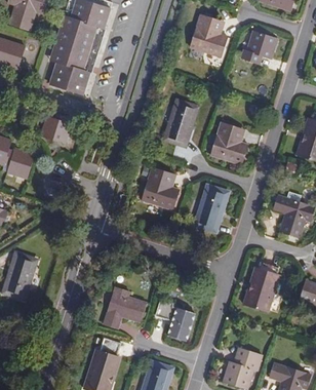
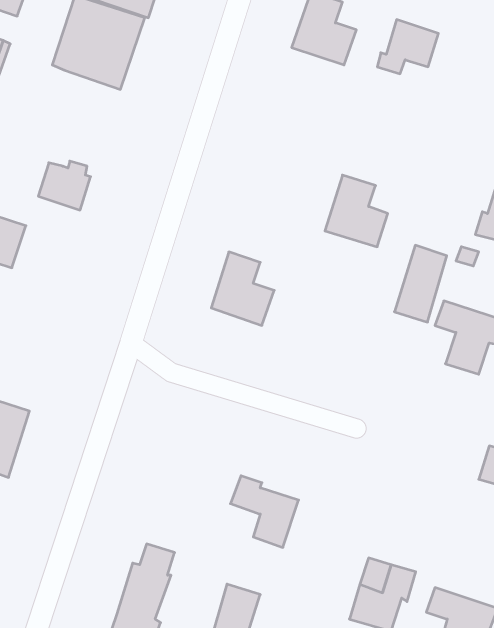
building: [49,61,89,93] -> none
building: [165,102,196,146] -> none
building: [195,185,226,230] -> [394,245,447,322]
building: [244,264,281,313] -> none
building: [104,286,146,327] -> none

